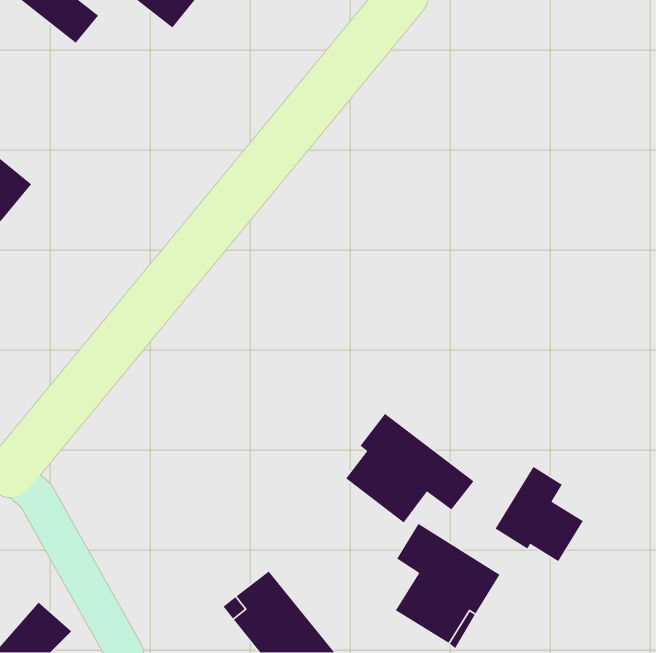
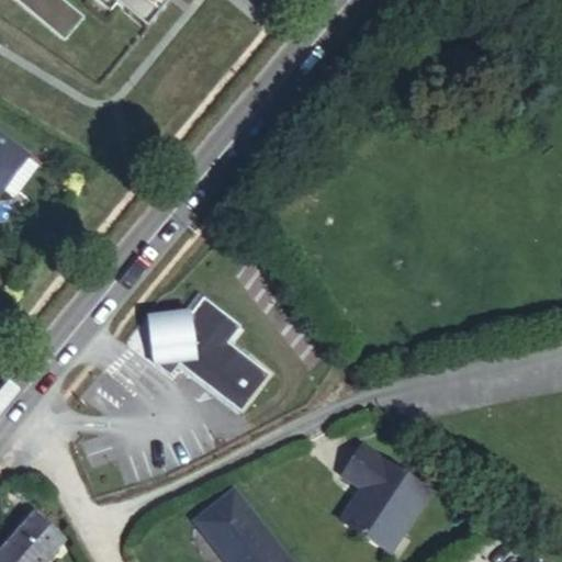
building: none -> [153,292,271,406]
building: [345,413,475,524] -> none
building: [494,466,584,562] -> none

